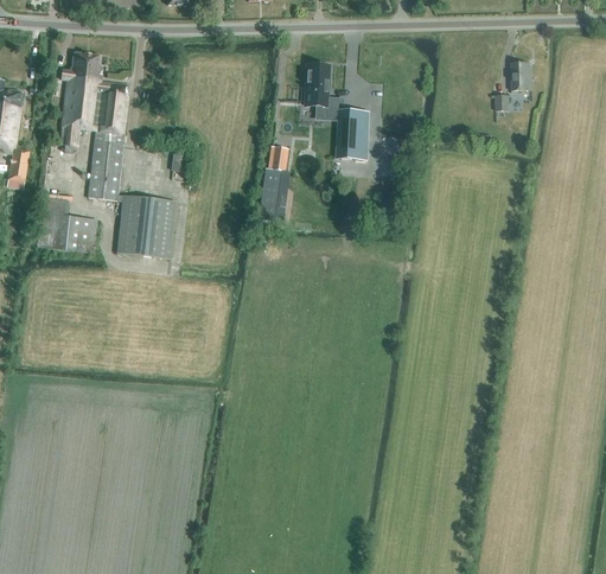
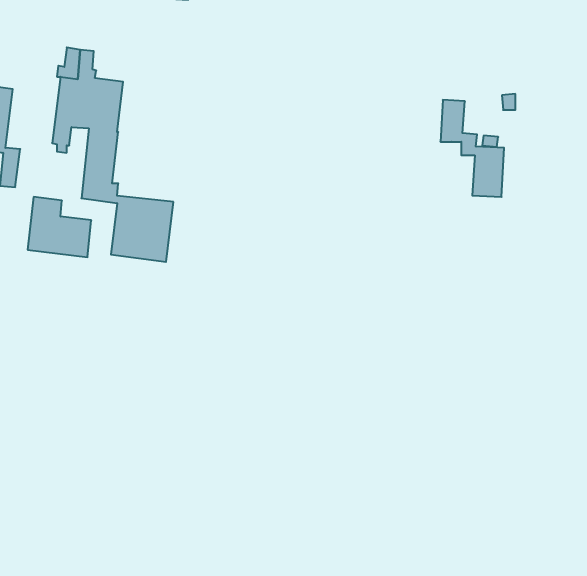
building: [512,63,532,90] -> none
building: [306,64,368,158] -> [440,100,504,197]
building: [260,145,289,217] -> none

